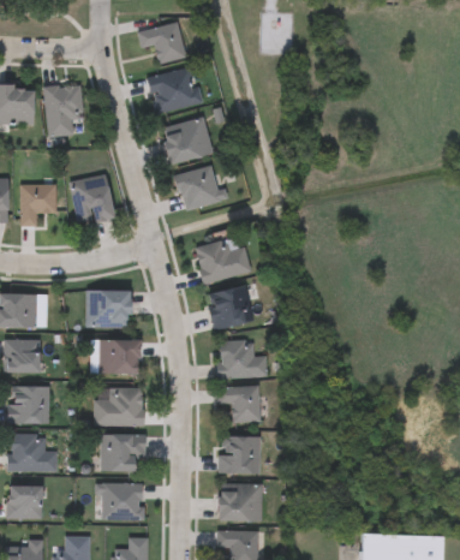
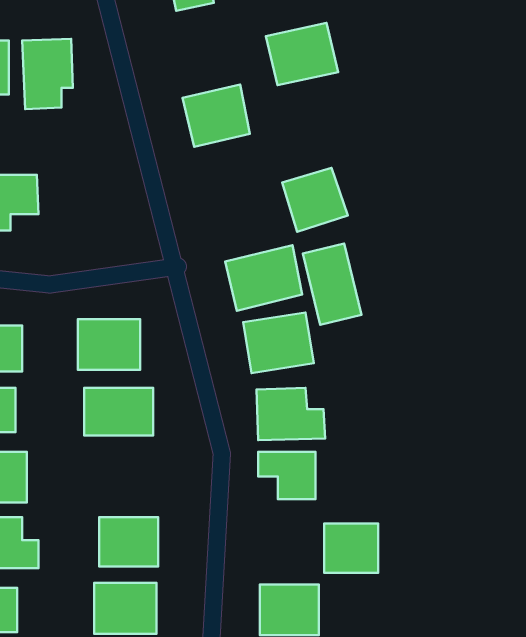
building: [148,67,201,113] -> [266,23,338,85]
building: [174,165,222,212] -> [282,168,348,232]
building: [70,174,115,225] -> none
building: none -> [303,243,362,325]
building: [94,389,143,427] -> none
building: [219,437,258,473] -> [324,524,378,573]

